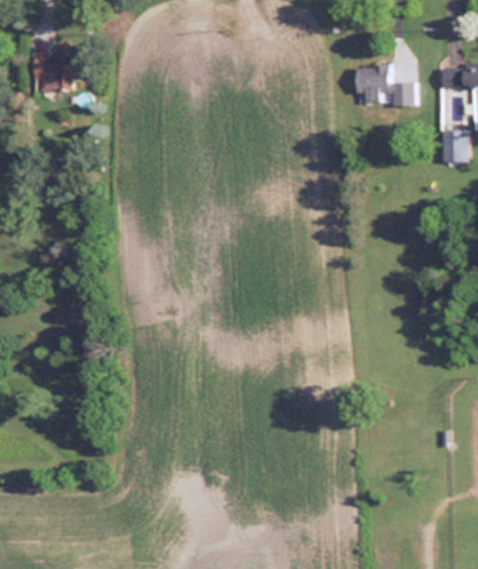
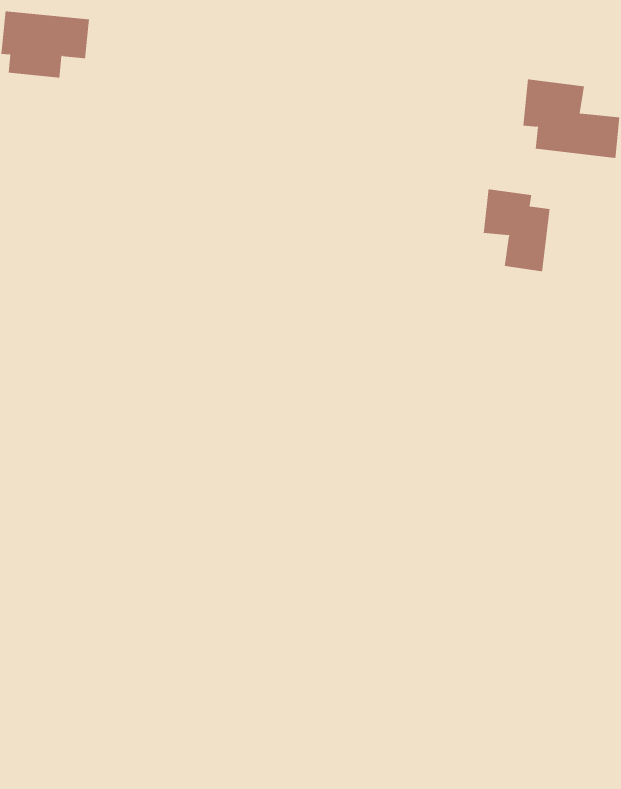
building: none -> [483,188,550,272]

